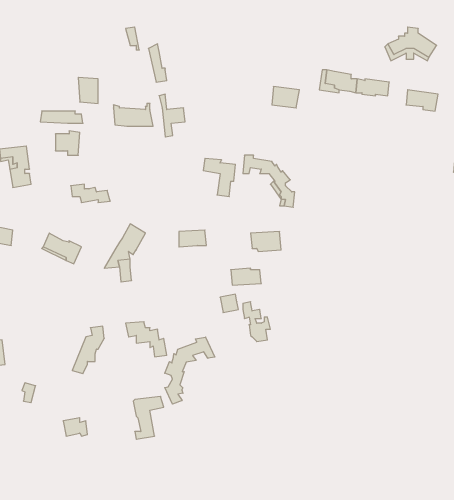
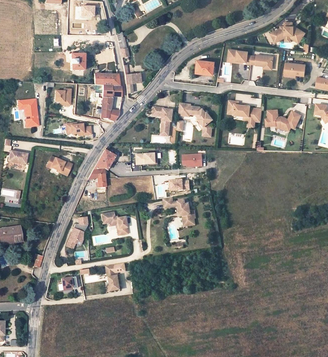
building: none -> [101,85,121,120]
building: none -> [227,100,262,122]
building: none -> [267,110,300,129]
building: [165,337,215,404] -> none

